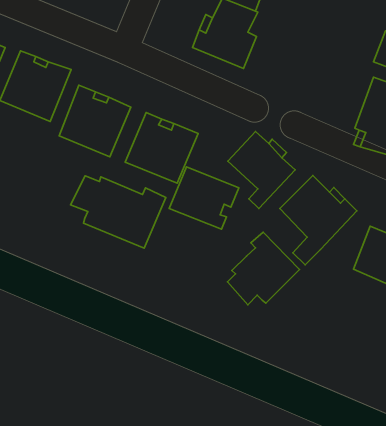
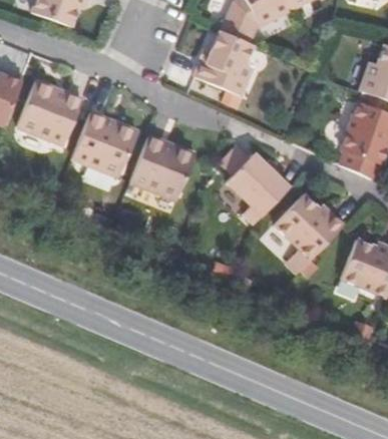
building: [169,167,239,229] -> none
building: [71,176,166,248] -> none
building: [227,232,300,305] -> none

